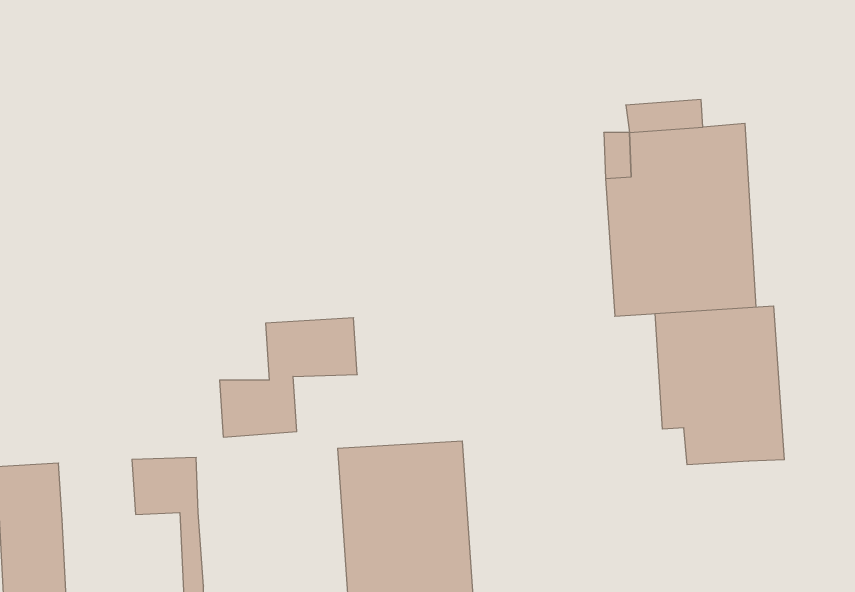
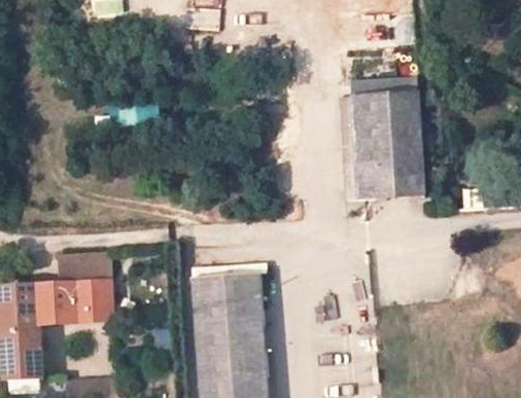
building: [655,306,784,465] -> none
building: [220,318,357,437] -> [34,251,111,318]

